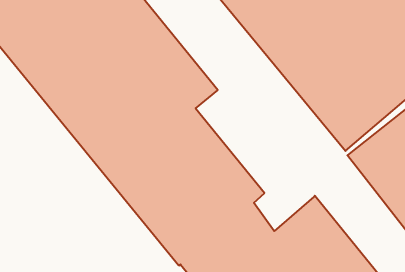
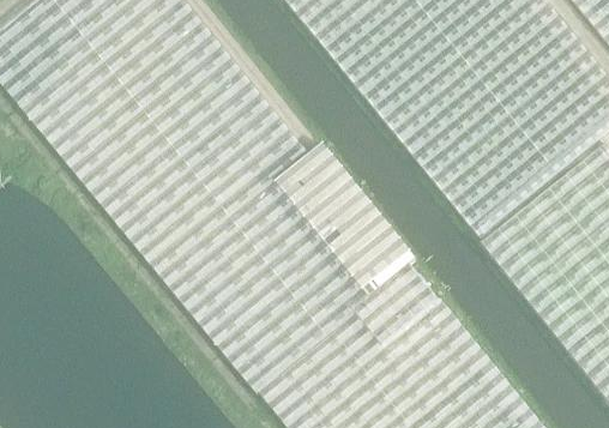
building: none -> [279,143,440,348]

